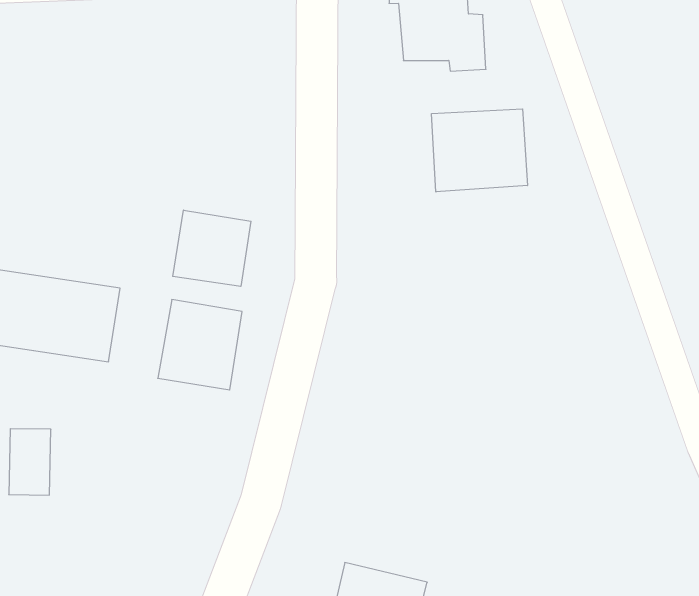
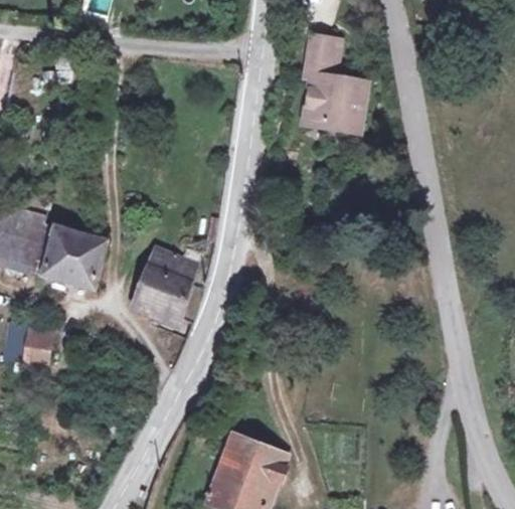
building: [432,109,527,192] -> none
building: [173,210,251,286] -> none

